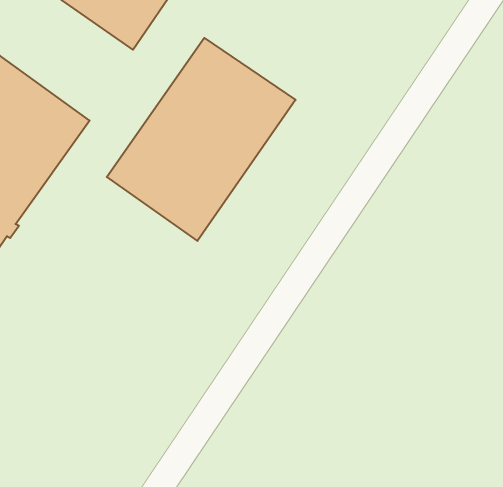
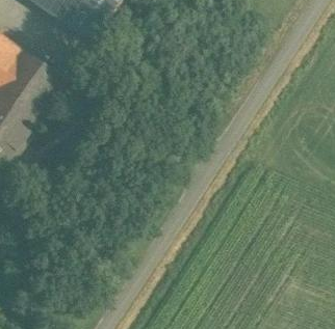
building: [107,38,296,241] -> none

